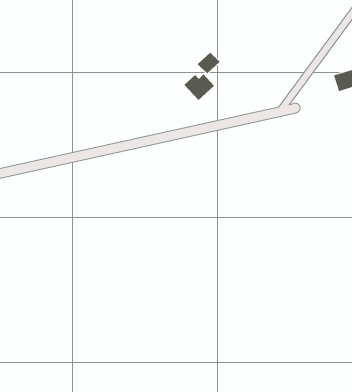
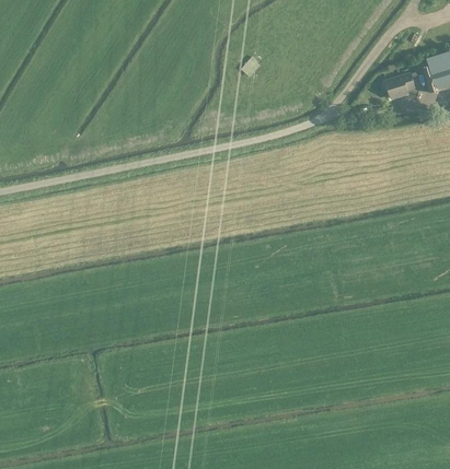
building: [184,73,215,101] -> none

